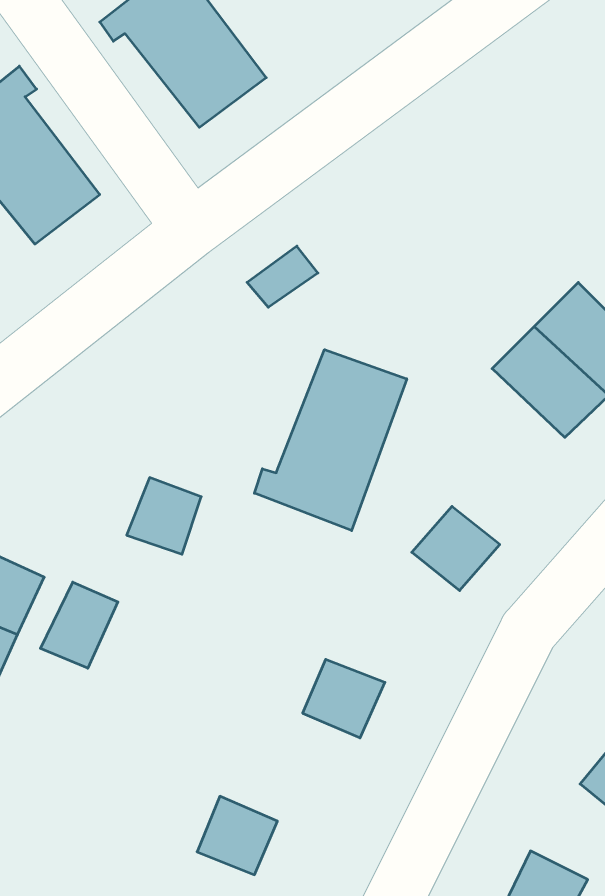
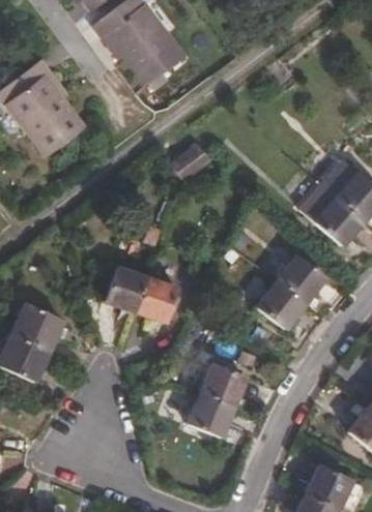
building: [254,350,407,531] -> none
building: none -> [281,262,326,305]
building: none -> [135,279,179,322]
building: [40,582,118,668] -> none
building: [197,796,277,875] -> [188,396,231,439]

